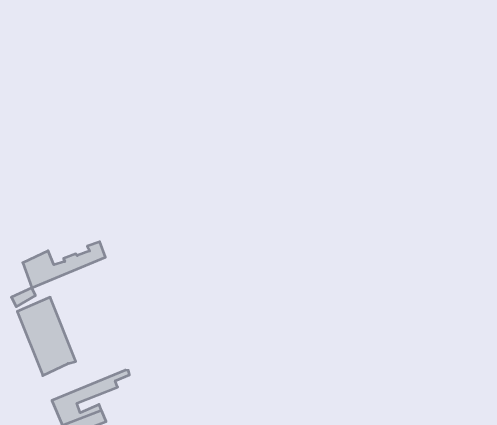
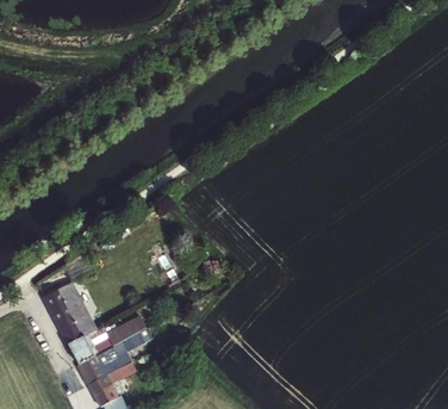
building: [23,242,105,288] -> [71,322,137,365]

